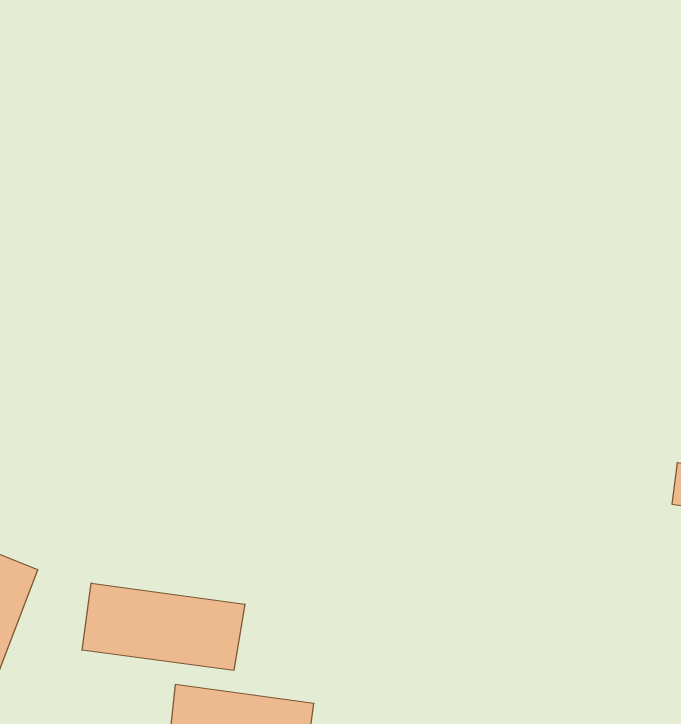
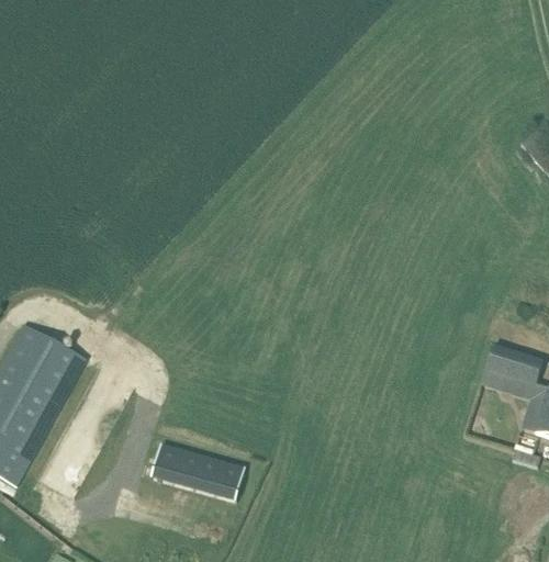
building: [82,583,245,670] -> none

